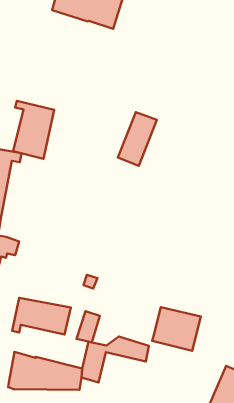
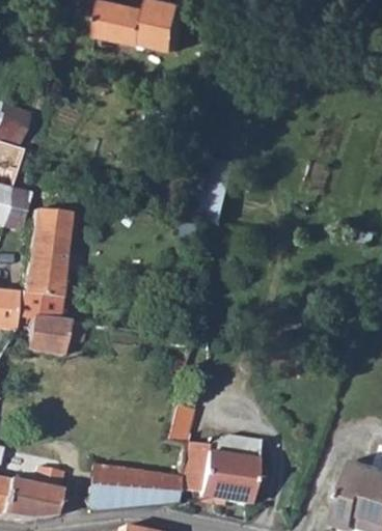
building: [13,101,54,159] -> none
building: [12,298,71,334] -> none
building: [152,307,201,351] -> [199,452,257,503]

